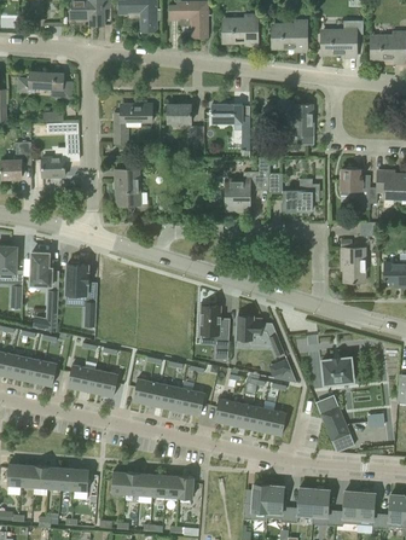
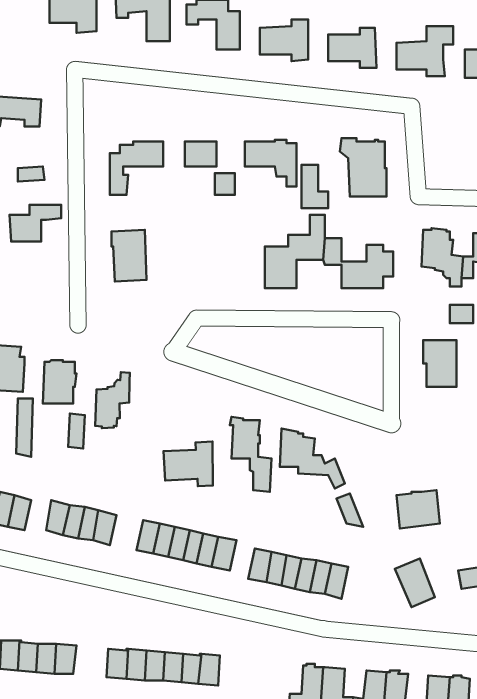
building: none -> [95,372,130,428]
building: none -> [164,442,213,486]

